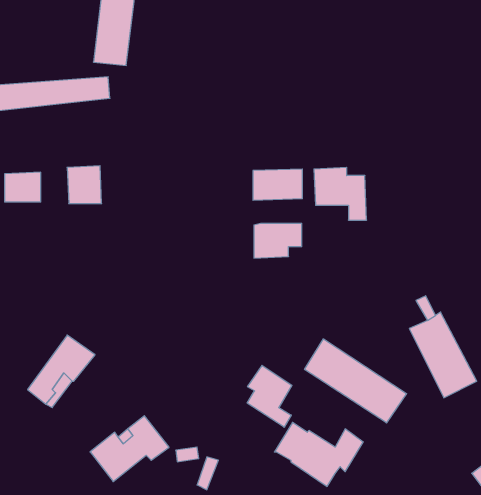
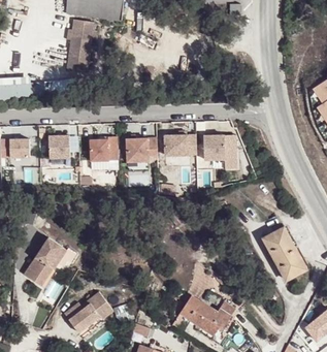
building: none -> [93,138,119,161]
building: [254,223,302,258] -> [128,140,158,162]
building: [305,339,407,423] -> none
building: [247,365,292,427] -> none

